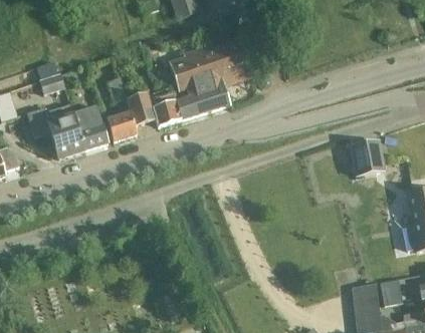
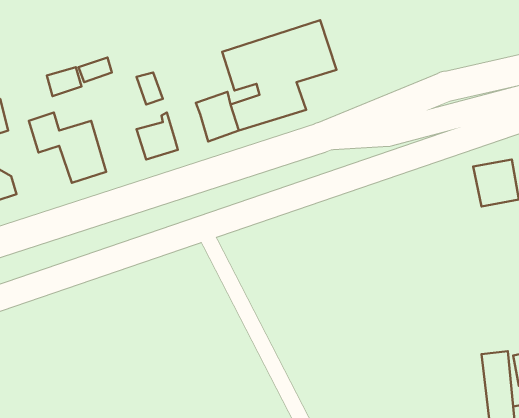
building: [125,92,157,127] -> none
building: [71,105,105,149] -> none

